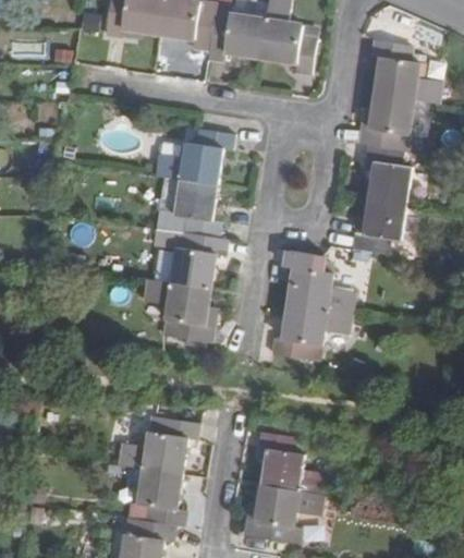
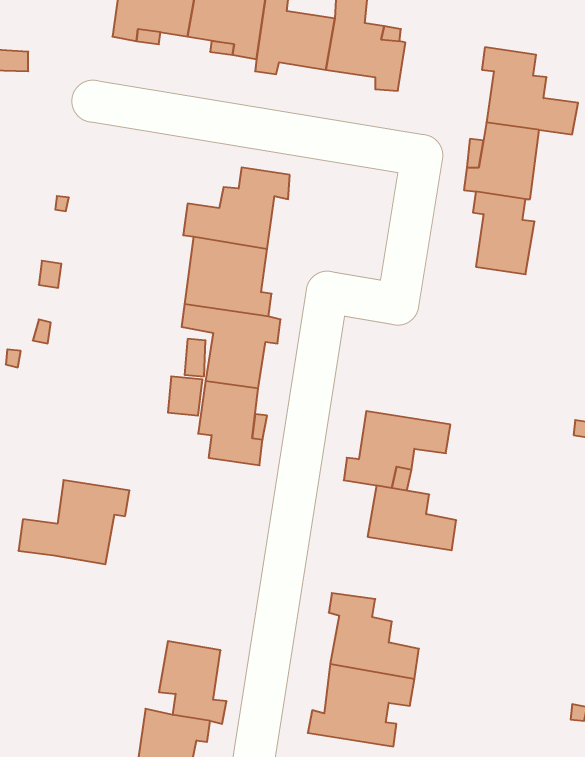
building: [351,198,403,254] -> none
building: [288,266,352,313] -> [368,486,456,550]
building: [119,415,199,476] -> [18,480,130,564]

